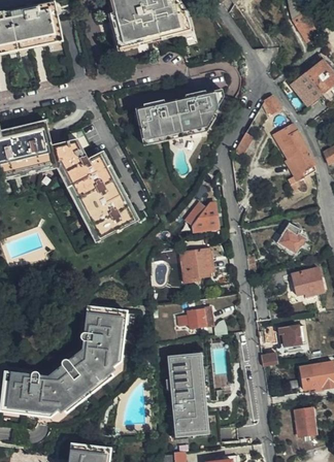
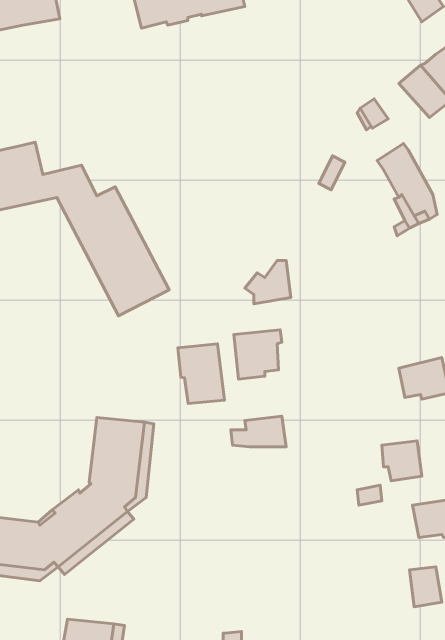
building: [134,92,223,141] -> none
building: [275,227,305,254] -> none
building: none -> [178,344,225,403]
building: [166,355,208,441] -> none

